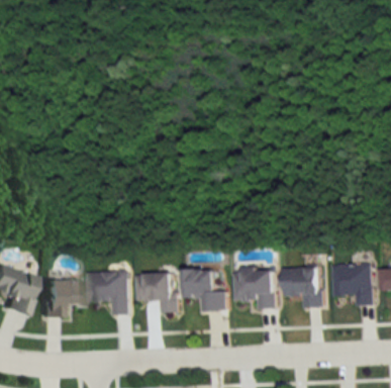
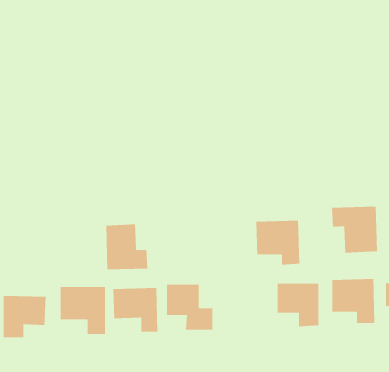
building: none -> [332,206,377,253]
building: none -> [106,224,148,270]
building: [233,268,274,308] -> [255,220,300,265]

